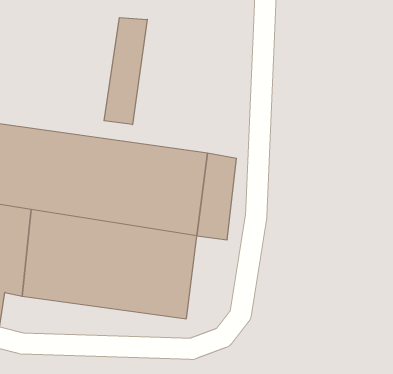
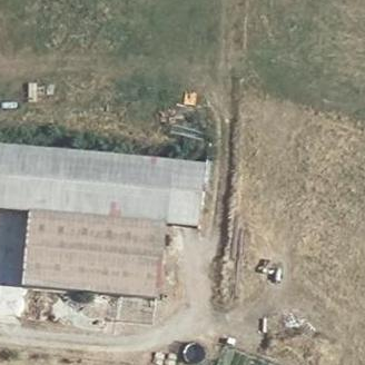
building: [104,18,147,125] -> none

